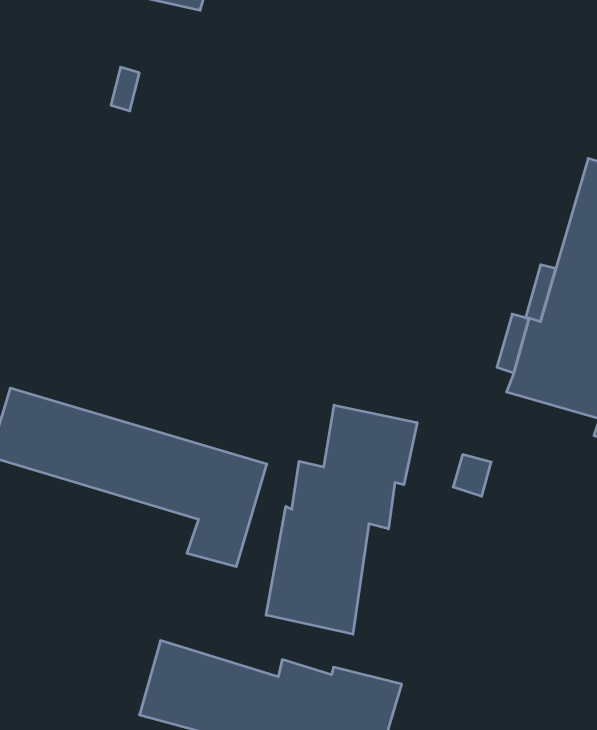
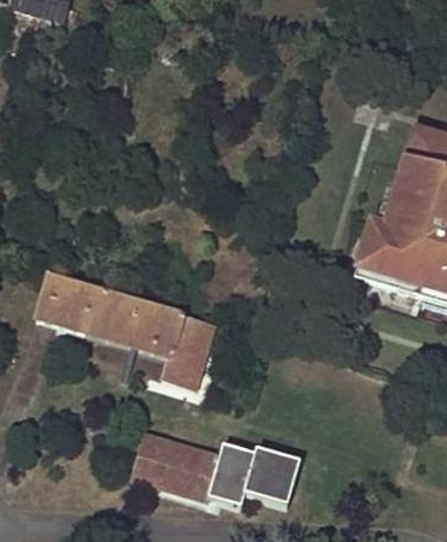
building: [266,405,417,634] -> none

